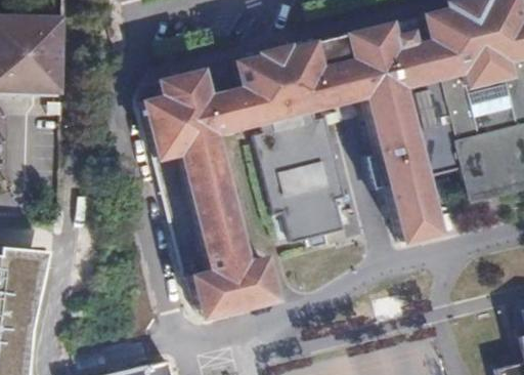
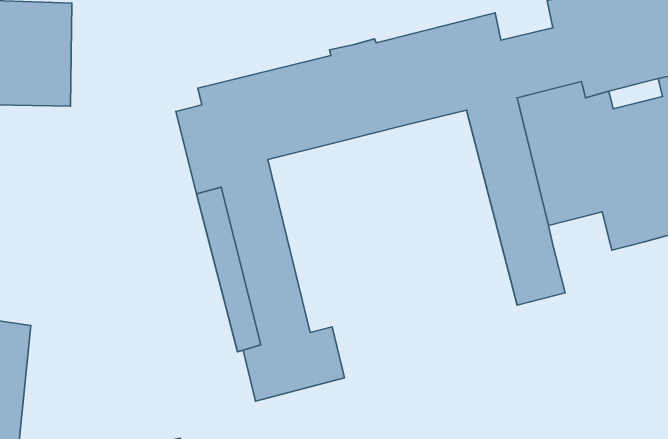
building: [257,108,345,244] -> none

